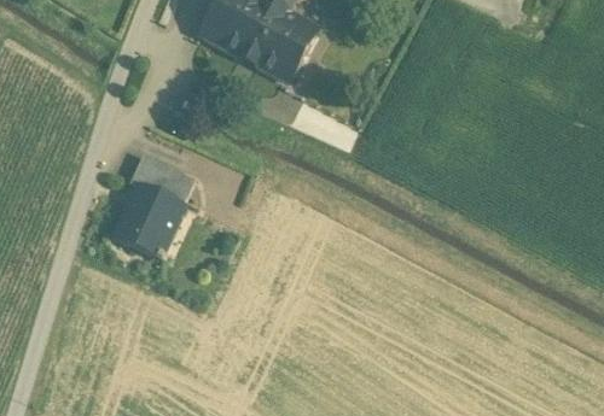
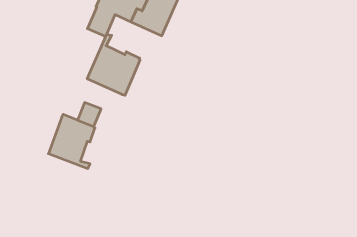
building: none -> [87,34,140,95]
building: [132,152,174,191] -> none

